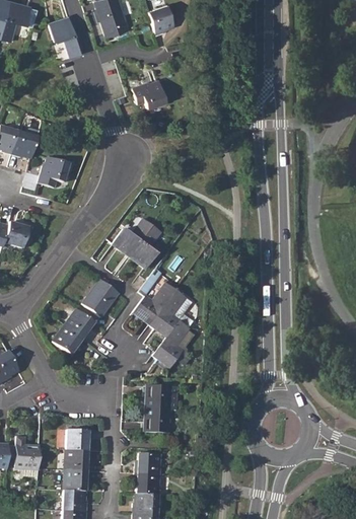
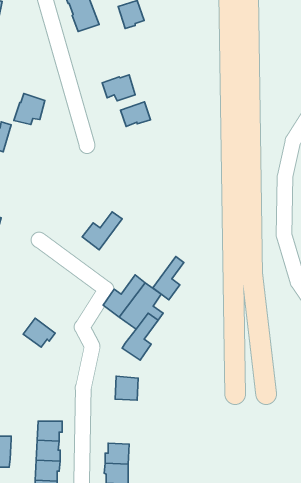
building: [48,14,81,55] -> none
building: none -> [121,102,151,126]
building: [38,155,69,187] -> [14,94,45,125]
building: [129,225,160,269] -> [153,257,184,300]
building: [82,279,119,318] -> none
building: [64,308,94,341] -> none
building: [144,407,167,433] -> none

